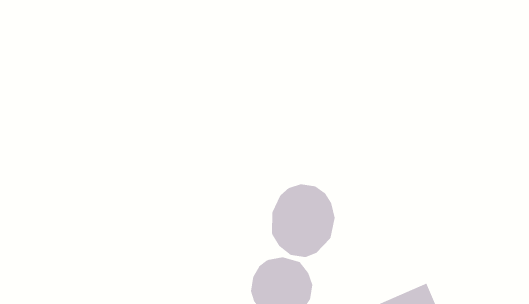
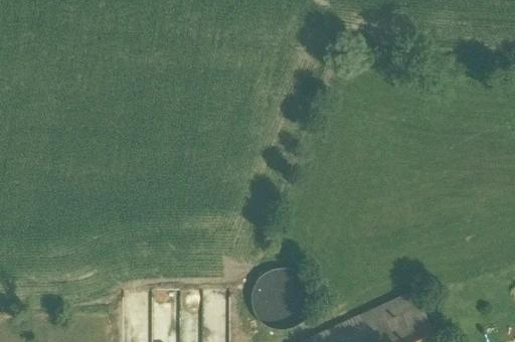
building: [272,184,335,258] -> none

